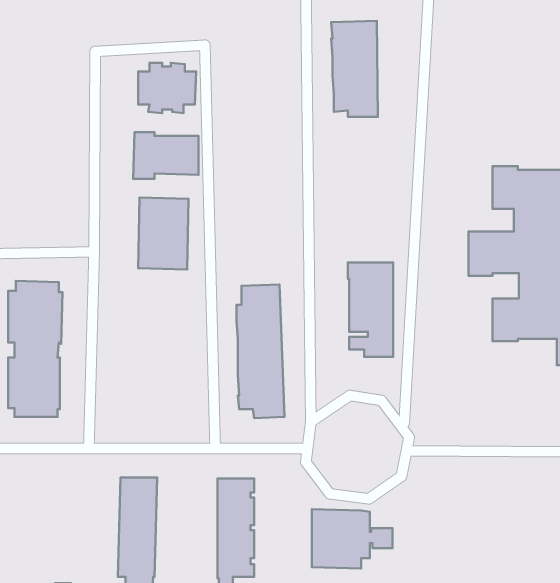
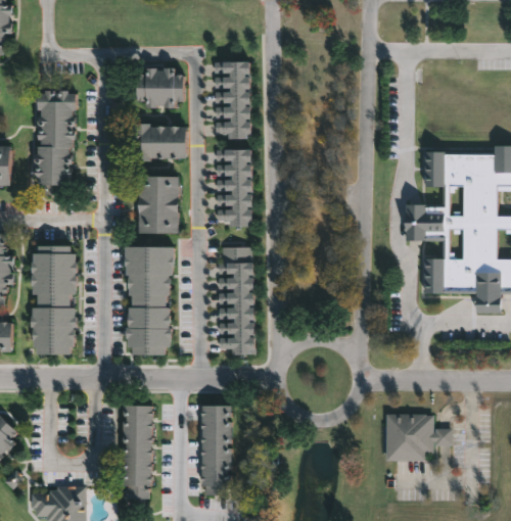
building: [331,21,378,117] -> [214,61,251,139]
building: none -> [35,89,77,193]
building: [348,262,393,357] -> [216,150,252,227]
building: none -> [125,244,174,354]
building: [312,509,393,568] -> [388,413,454,461]

